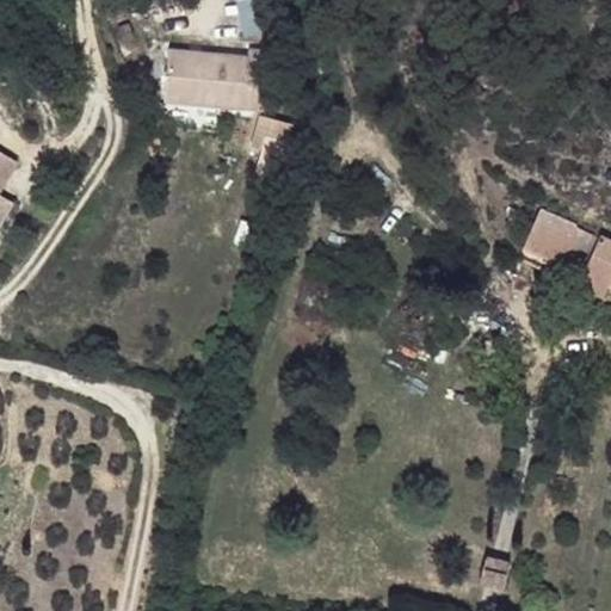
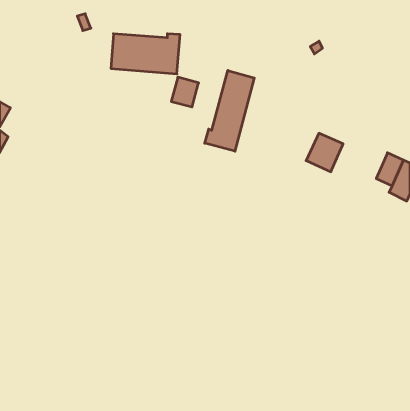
building: none -> [205,70,254,151]
building: [521,208,576,265] -> [306,133,343,172]

